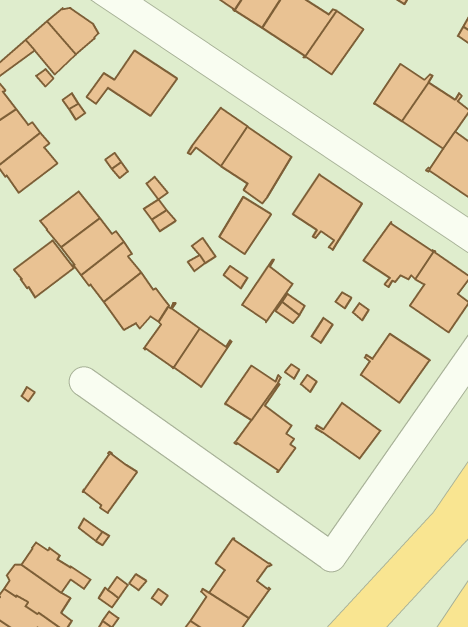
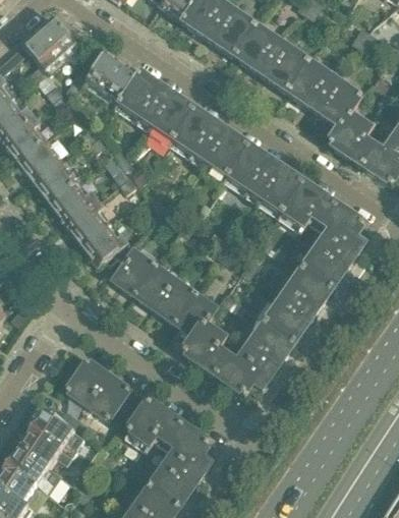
building: none -> [255,35,308,92]
building: none -> [117,72,171,124]
building: [219,197,271,254] -> [207,132,246,176]
building: none -> [260,168,301,212]
building: [14,240,74,298] -> [16,137,62,181]
building: [242,260,293,322] -> [156,274,194,322]
building: none -> [300,243,345,288]
building: none -> [264,296,307,342]
building: none -> [215,343,277,395]
building: none -> [86,373,128,418]
building: none -> [130,400,180,447]
building: none -> [30,408,82,456]

